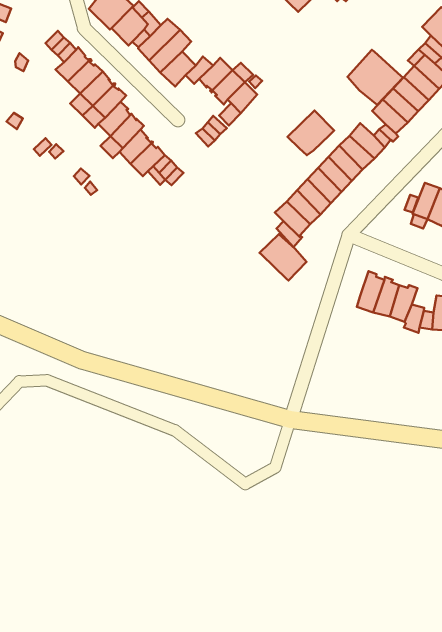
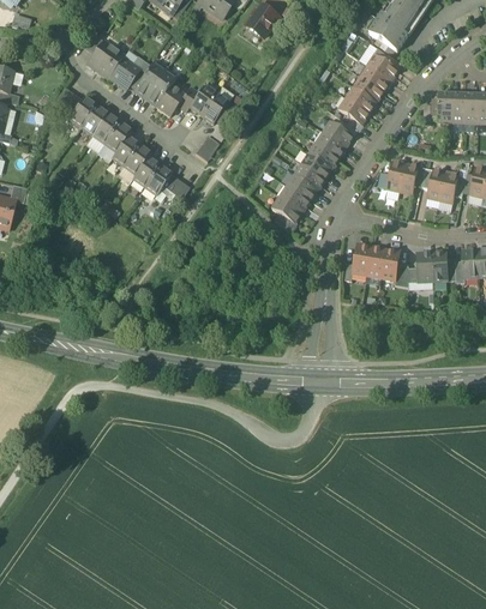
building: [347,50,403,105] -> none
building: [287,110,334,155] -> none
building: [259,234,307,280] -> none

